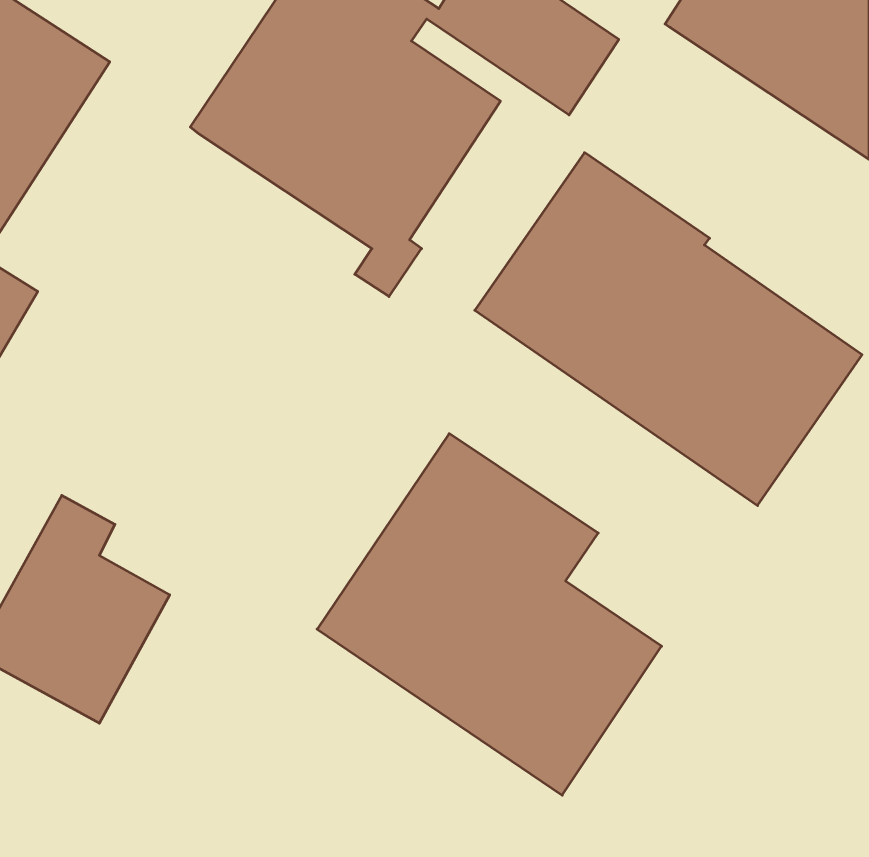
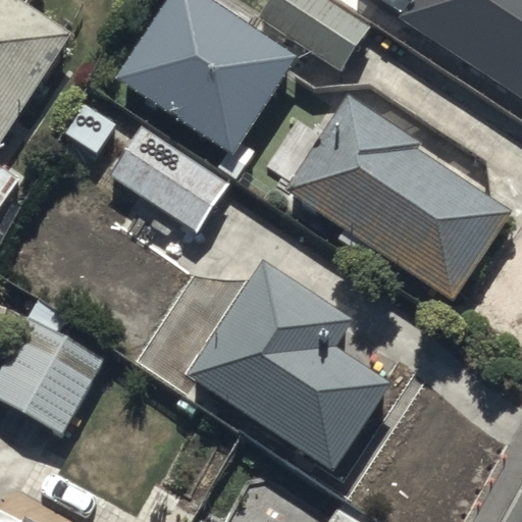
building: none -> [108,120,228,265]

